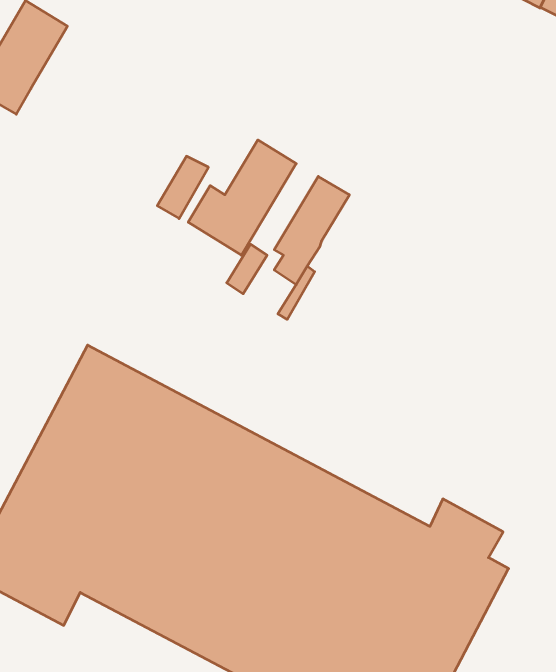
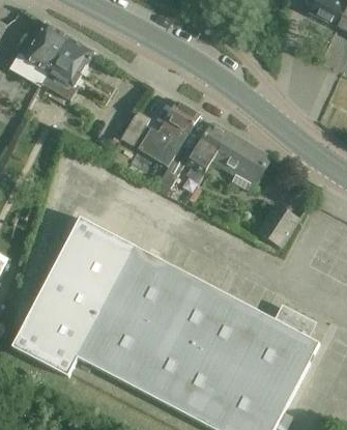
building: none -> [48,35,93,85]
building: none -> [211,131,269,191]
building: none -> [256,203,297,246]

